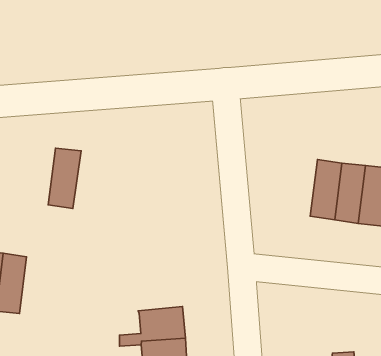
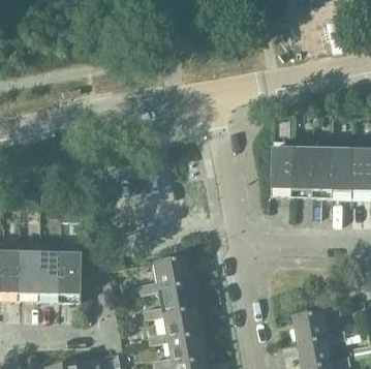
building: [48,148,81,209] -> [59,251,82,300]
building: none -> [270,146,292,194]
building: none -> [138,253,193,291]

